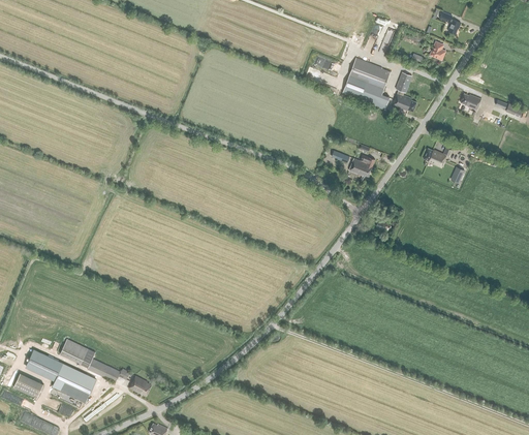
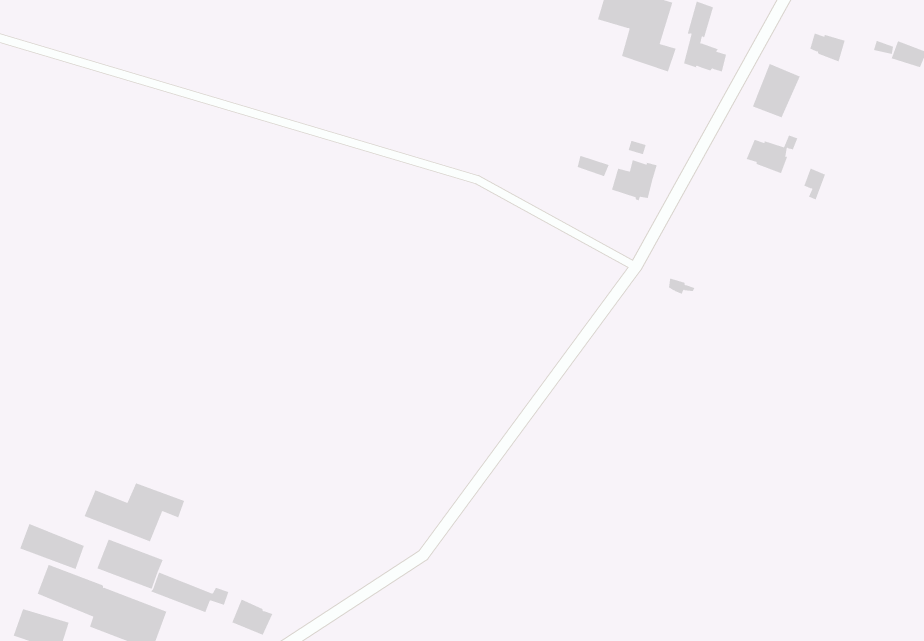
building: none -> [752,63,800,118]
building: none -> [84,482,185,542]
building: none -> [19,523,84,570]

